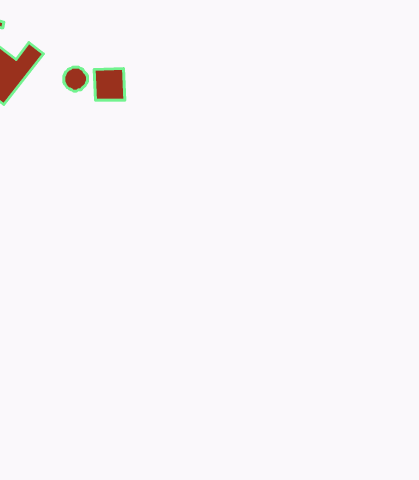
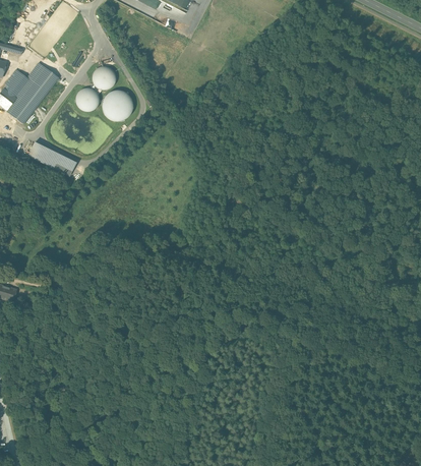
building: none -> [93,66,115,90]
building: none -> [27,142,75,176]

